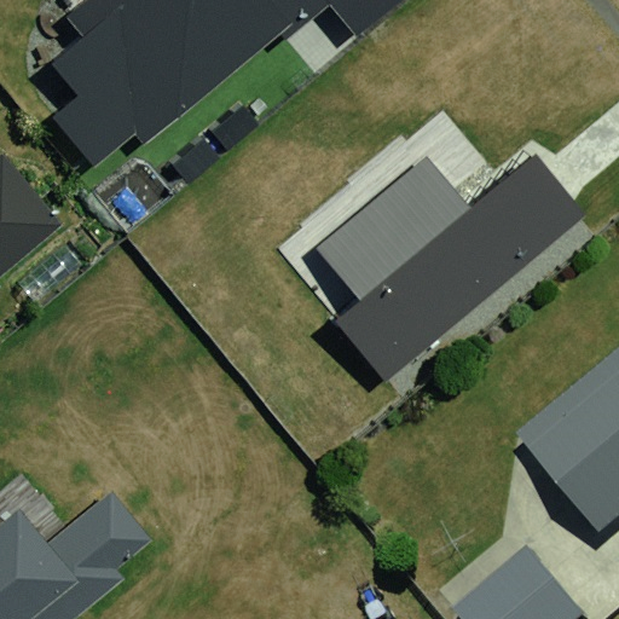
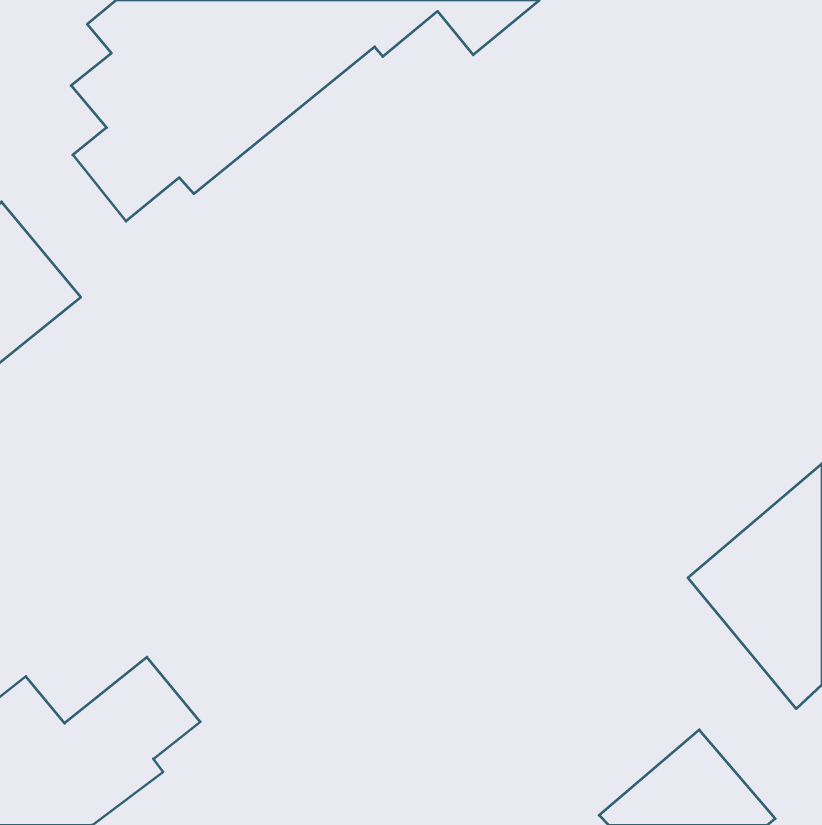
building: [314,157,583,382] -> none

